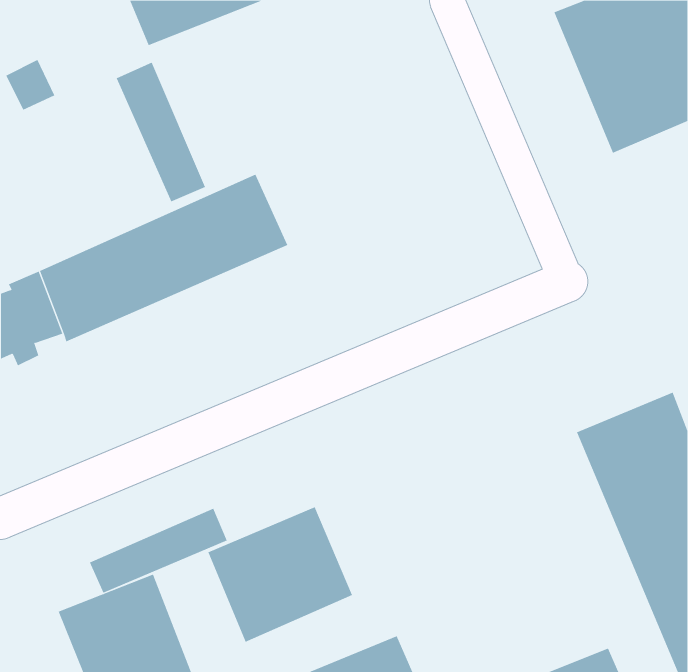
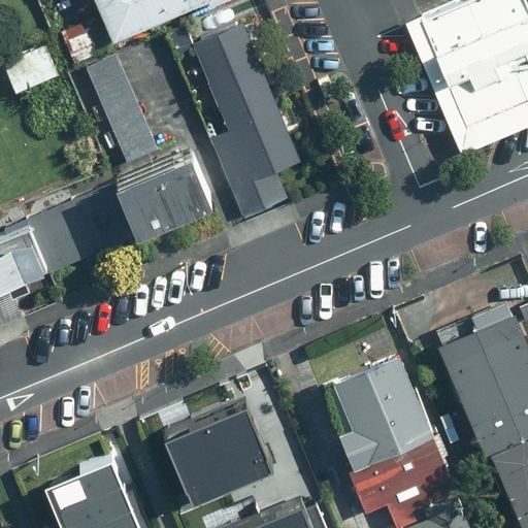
building: none -> [192,25,302,219]
building: none -> [317,356,449,516]
building: [89,508,228,594] -> none

